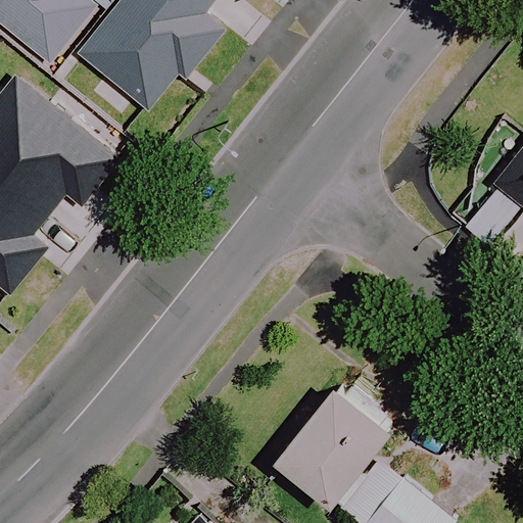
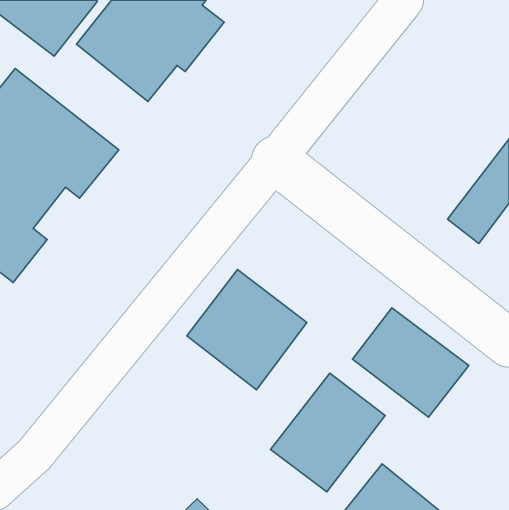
building: none -> [187,270,307,390]
building: none -> [353,308,469,417]

